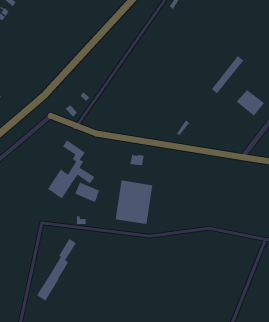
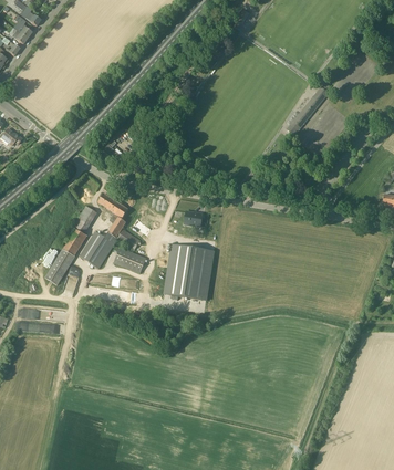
building: [236,89,265,116] -> none
building: [36,238,77,301] -> [45,206,96,285]

